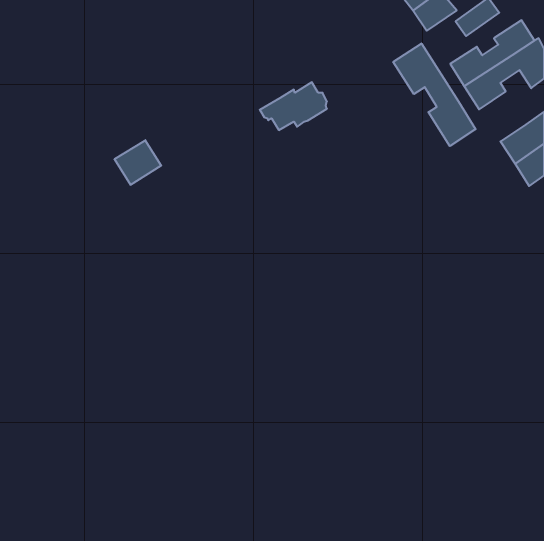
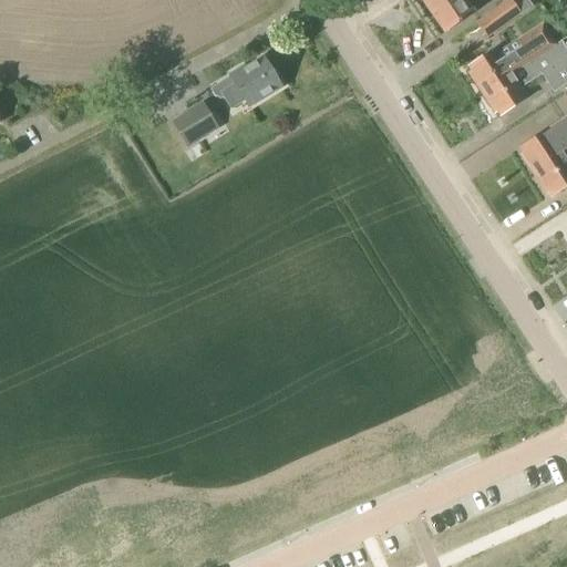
building: [393,43,476,146] -> none
building: [260,82,327,130] -> [209,59,279,109]
building: [114,140,161,185] -> [169,101,218,147]

